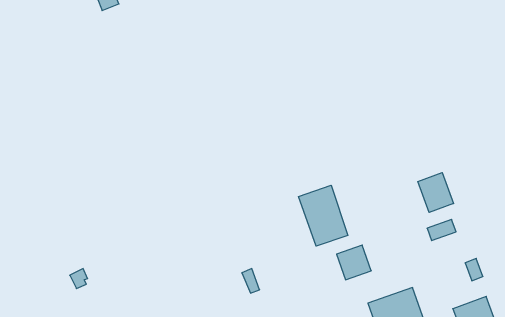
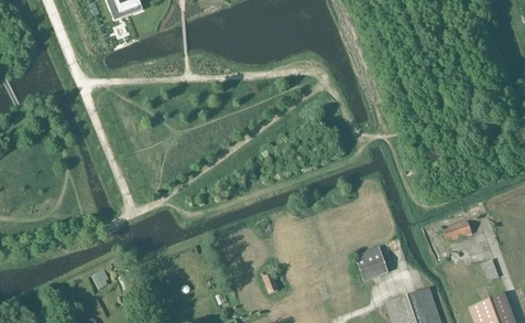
building: [418,173,454,212] -> none
building: [298,185,348,246] -> none

